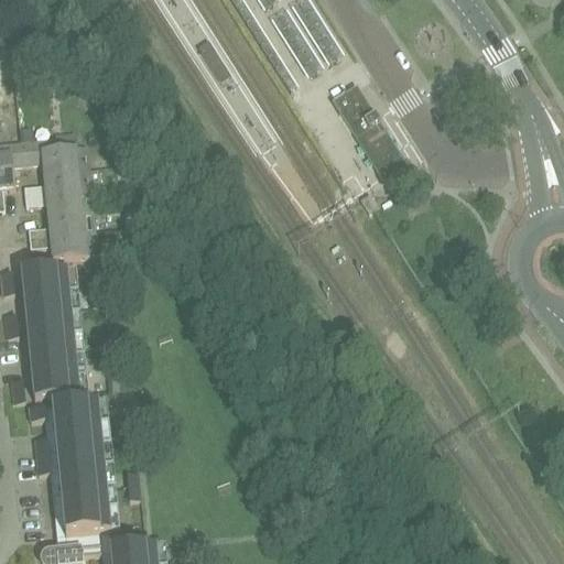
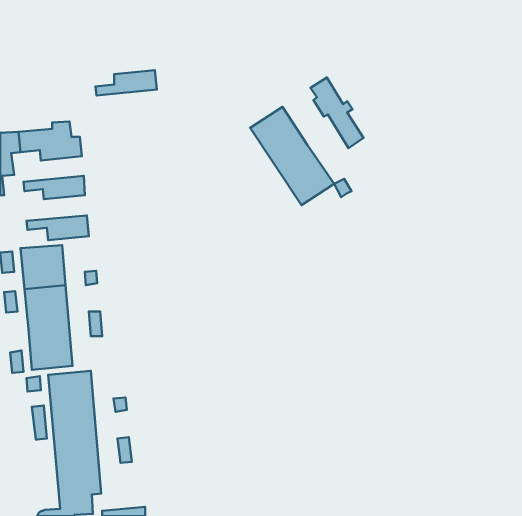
building: none -> [250,107,334,205]
building: [24,169,90,196] -> [96,70,157,96]
building: [29,210,94,238] -> none

